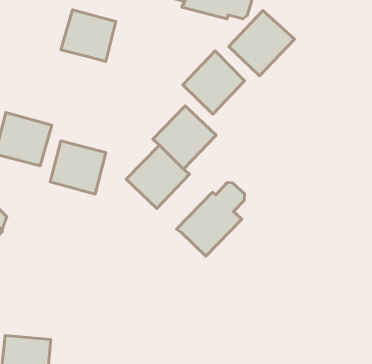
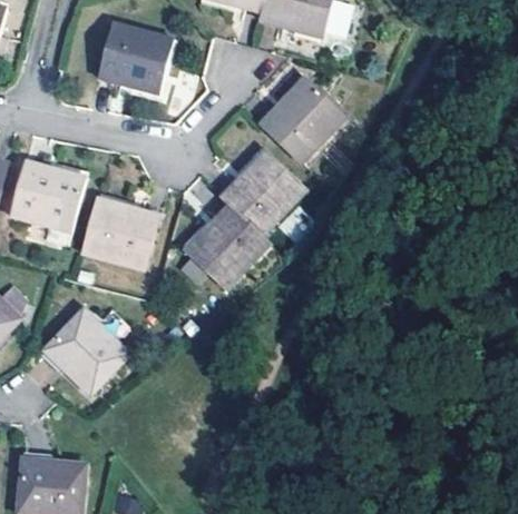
building: [229,10,294,76] -> none
building: [177,183,245,256] -> none
building: none -> [45,308,129,394]

